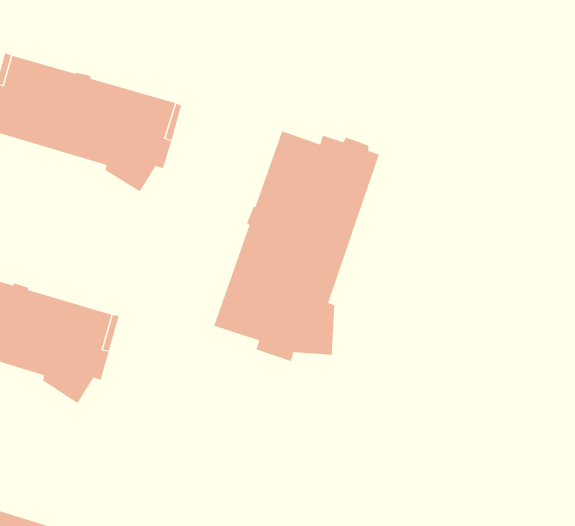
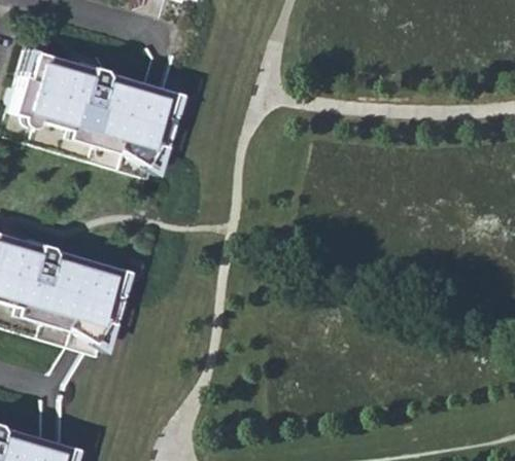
building: [213,130,379,362] -> none

